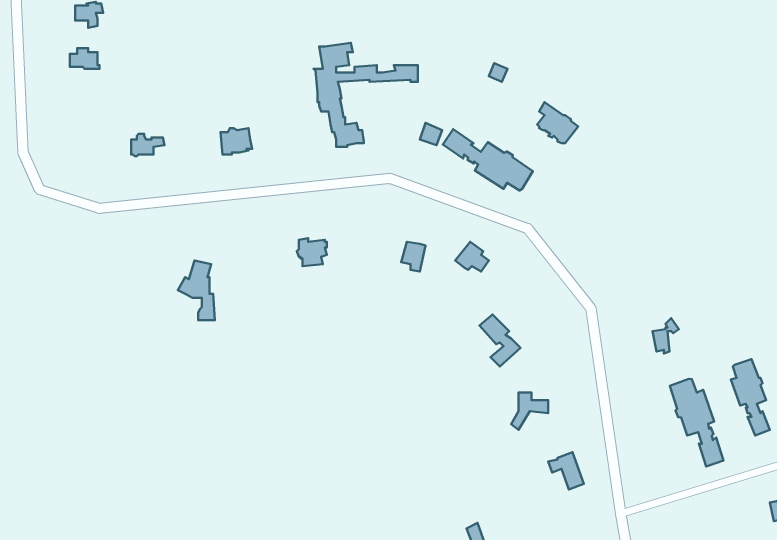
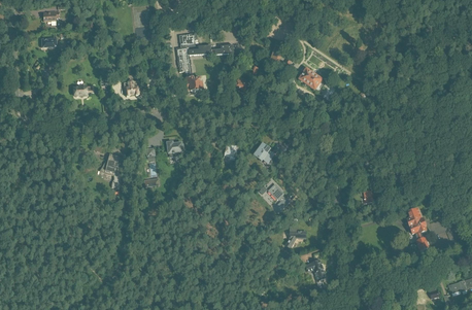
building: [443,129,533,191] -> none
building: [670,379,723,466] -> none

